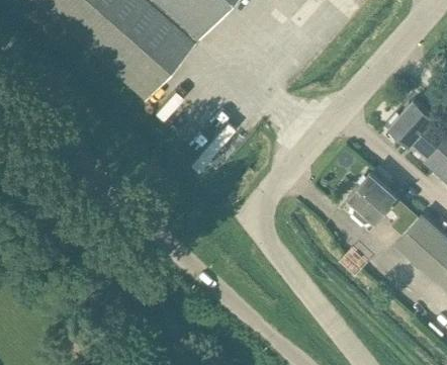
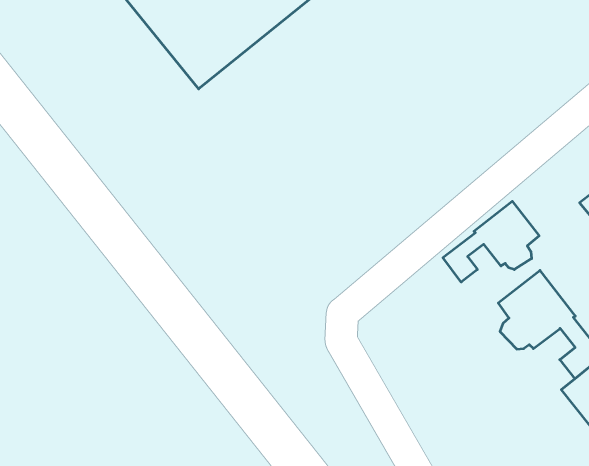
building: none -> [443,201,539,282]

